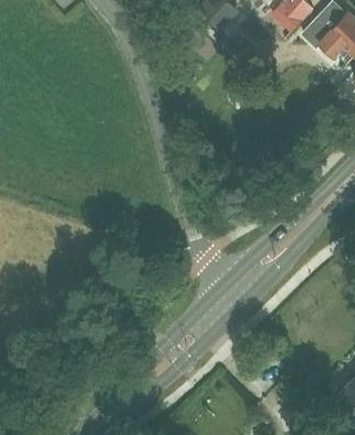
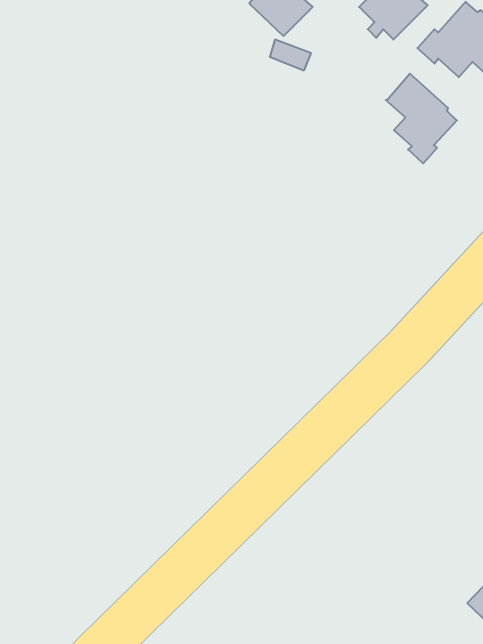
building: none -> [386,74,457,163]

